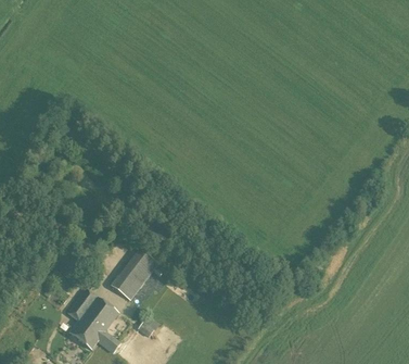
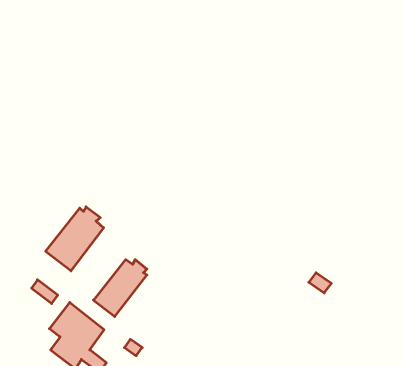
building: none -> [46,207,104,271]

